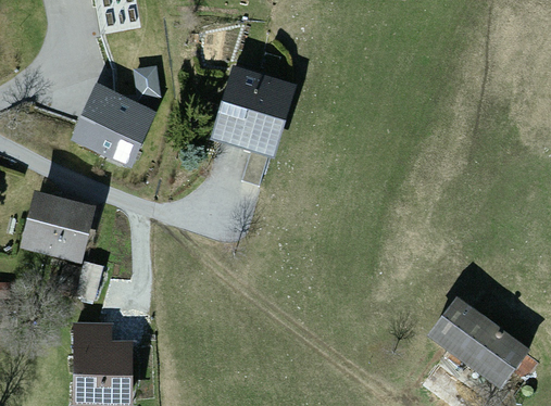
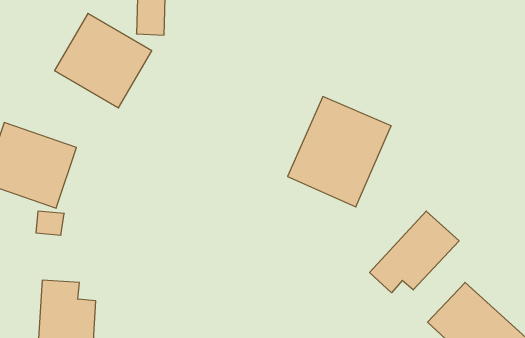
building: [209,64,298,161] -> [288,97,391,207]
building: none -> [370,211,459,293]

